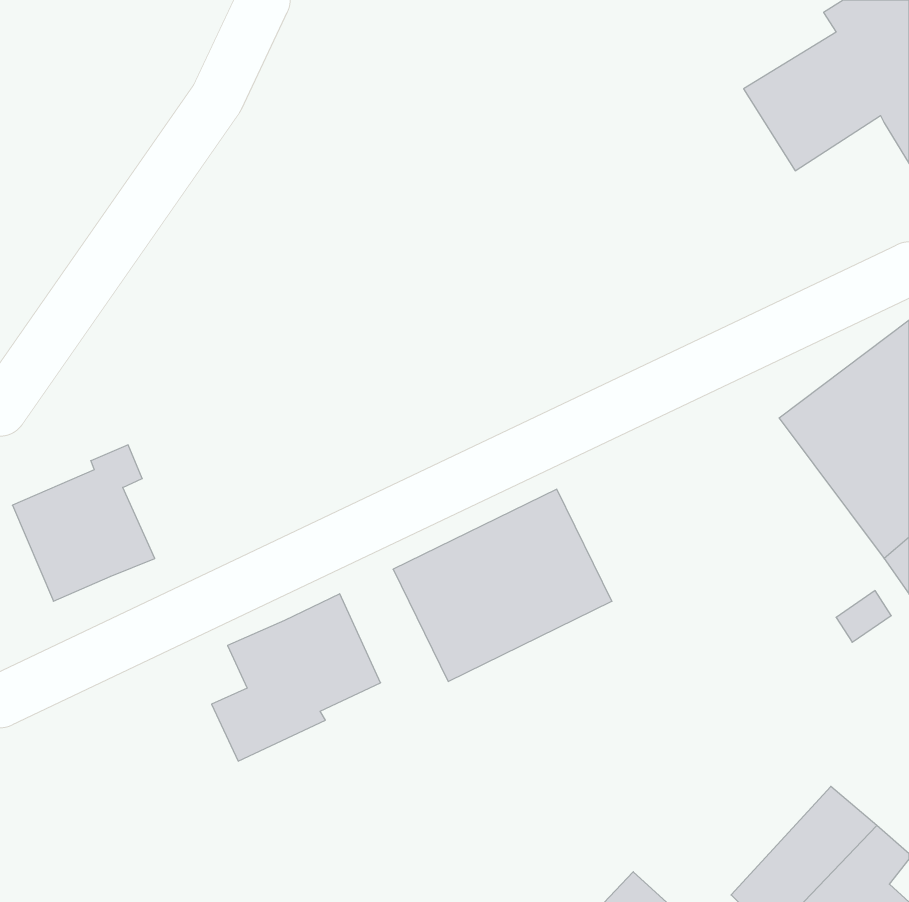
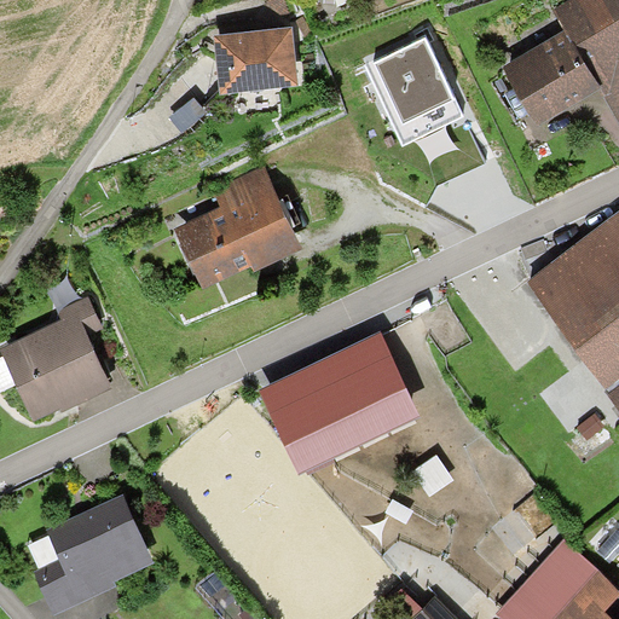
building: none -> [216,24,297,86]
building: none -> [366,39,467,151]
building: none -> [180,172,300,285]
building: [212,594,381,761] -> [36,496,151,609]

